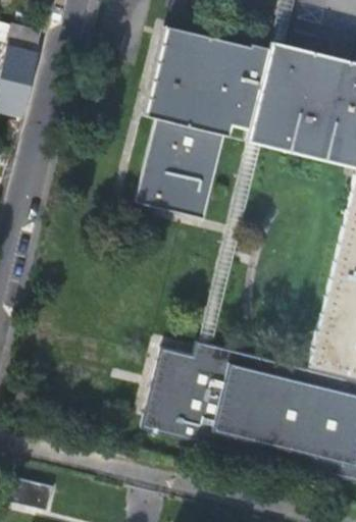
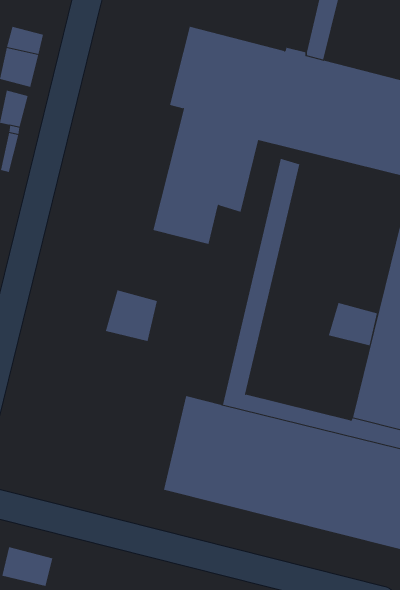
building: none -> [105,289,158,342]
building: none -> [328,302,378,346]

